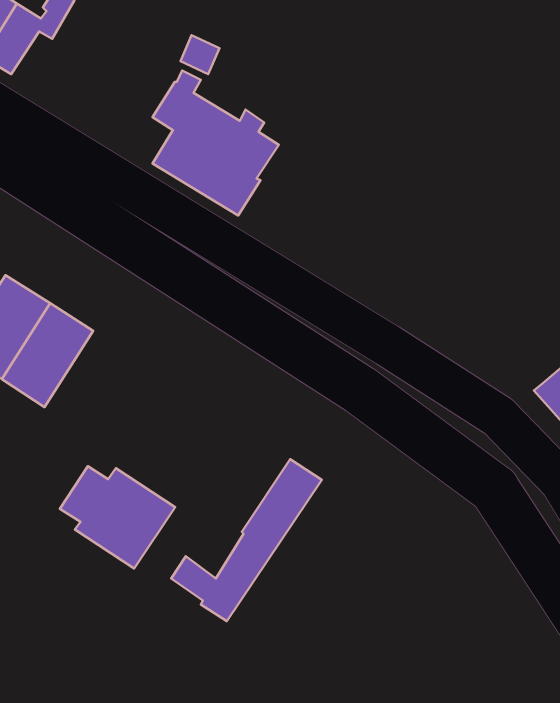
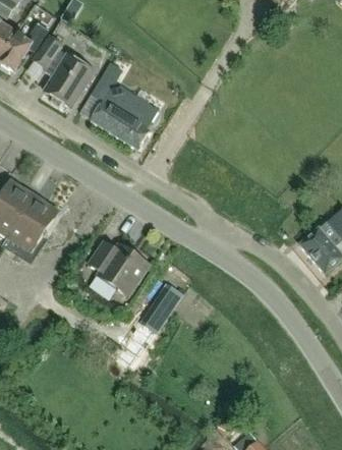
building: none -> [34,36,94,107]
building: [60,466,175,568] -> [89,240,152,296]

